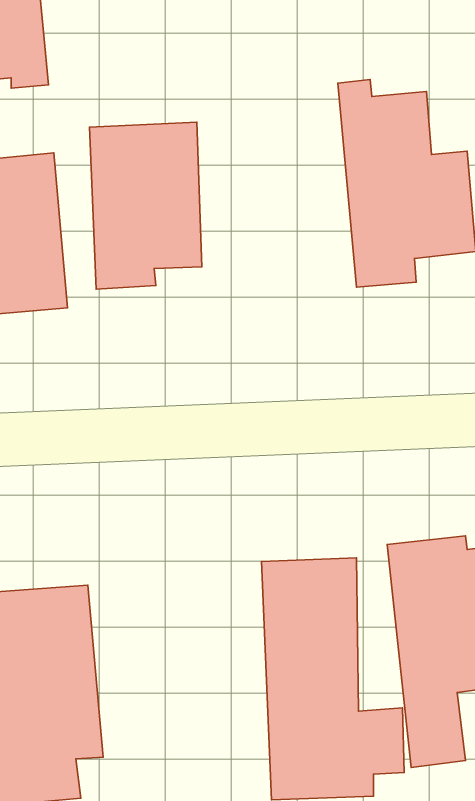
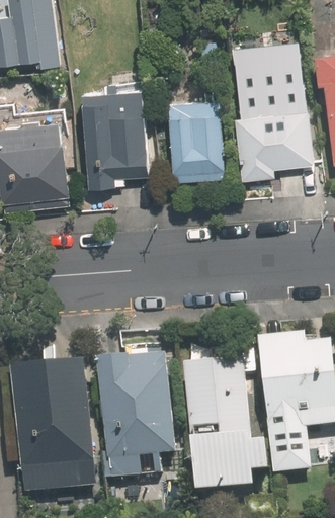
building: none -> [165,93,224,185]
building: none -> [99,357,173,477]

